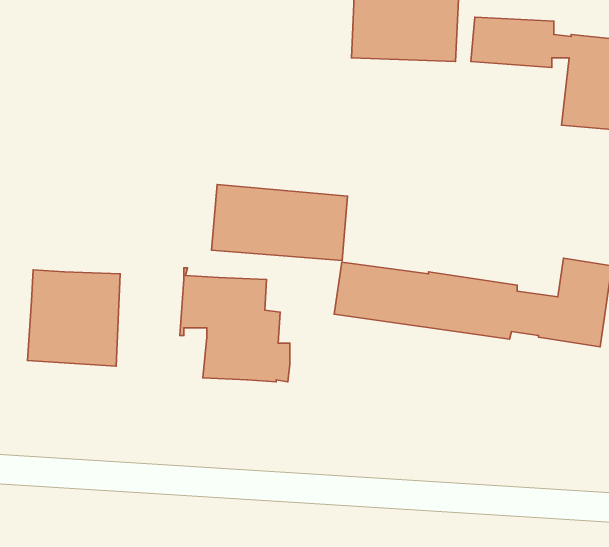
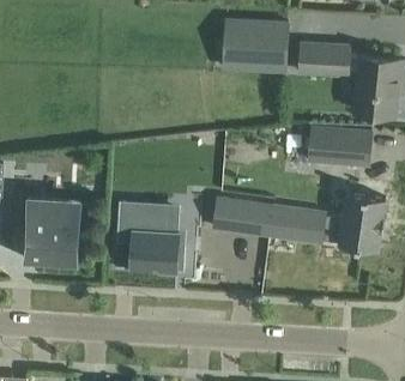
building: none -> [309,127,371,165]
building: [211,184,348,260] -> none

